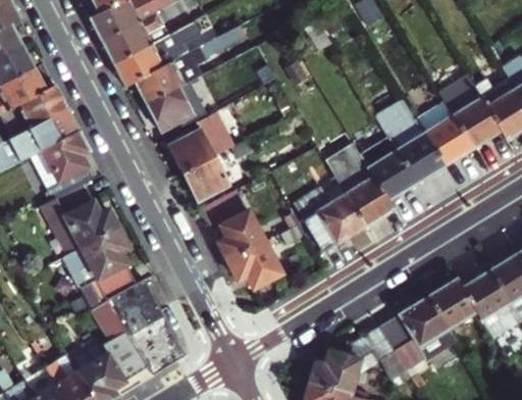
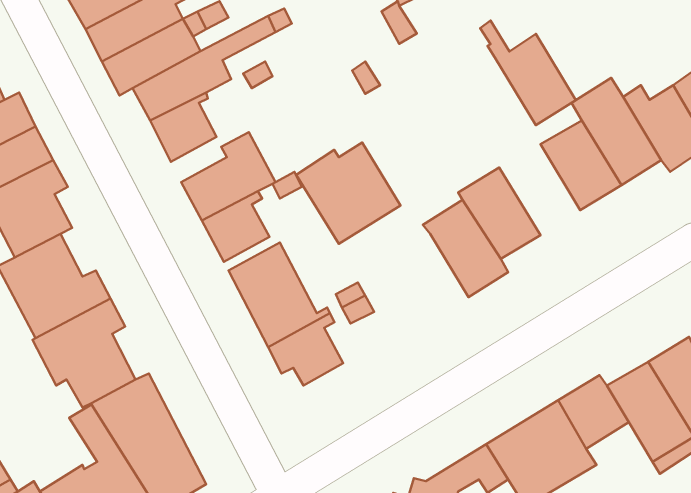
building: [377,110,443,183] -> [480,21,576,125]
building: [294,182,366,252] -> [296,142,401,244]

